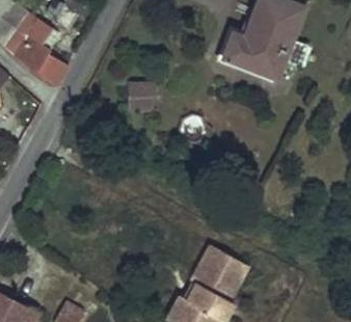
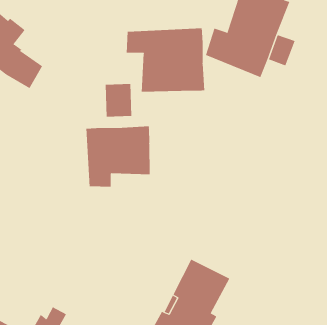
building: none -> [126,27,205,93]
building: none -> [86,126,150,187]

